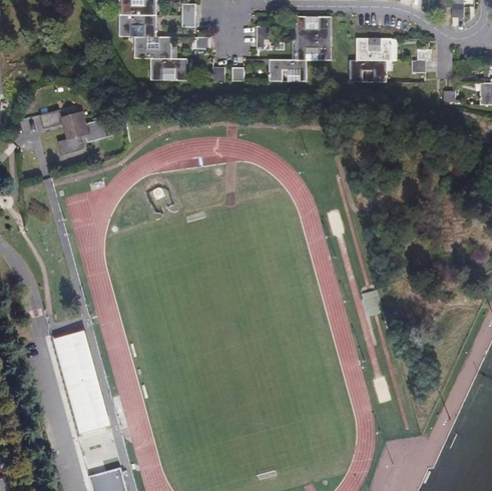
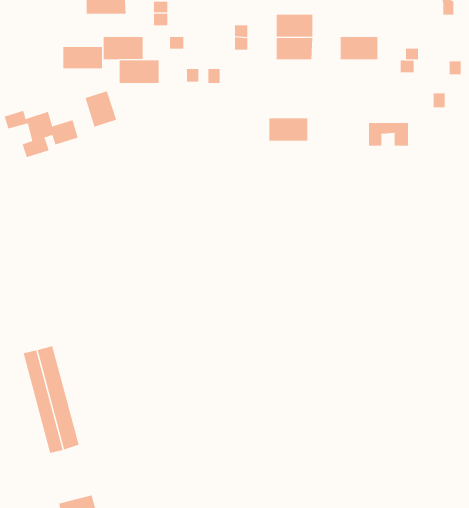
building: [117,17,155,38] -> [62,47,103,69]
building: [269,60,306,82] -> [269,118,308,141]
building: [349,60,387,82] -> [368,123,409,146]
building: none -> [85,90,117,127]

